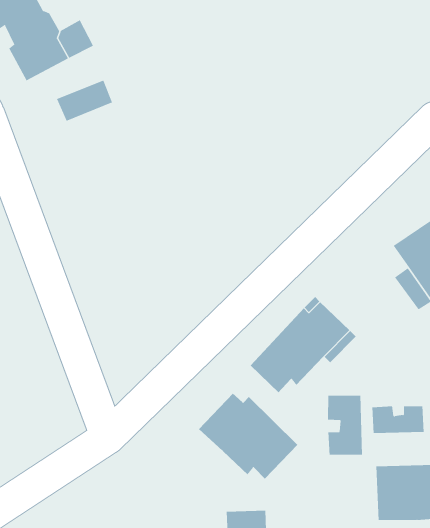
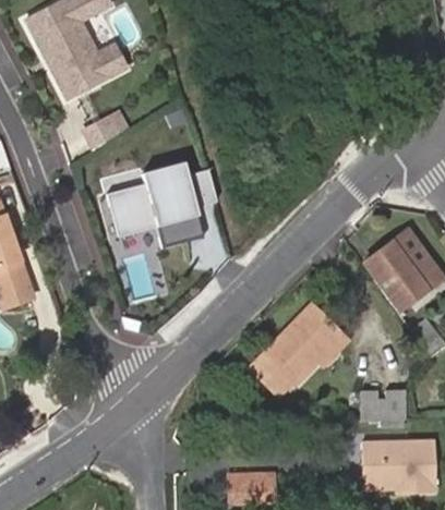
building: none -> [109,165,218,248]
building: [198,393,298,479] -> none
building: [327,395,362,456] -> none

